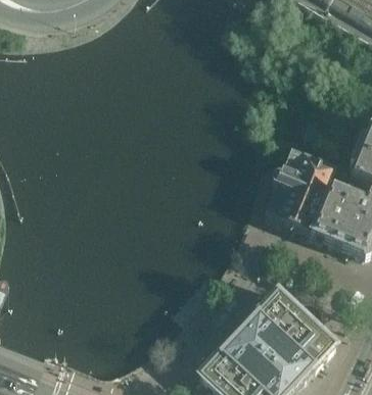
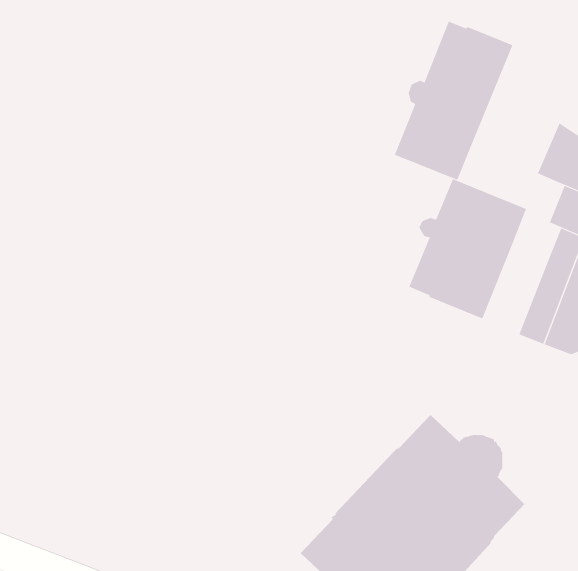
building: none -> [394,21,513,180]
building: [312,184,352,239] -> none

